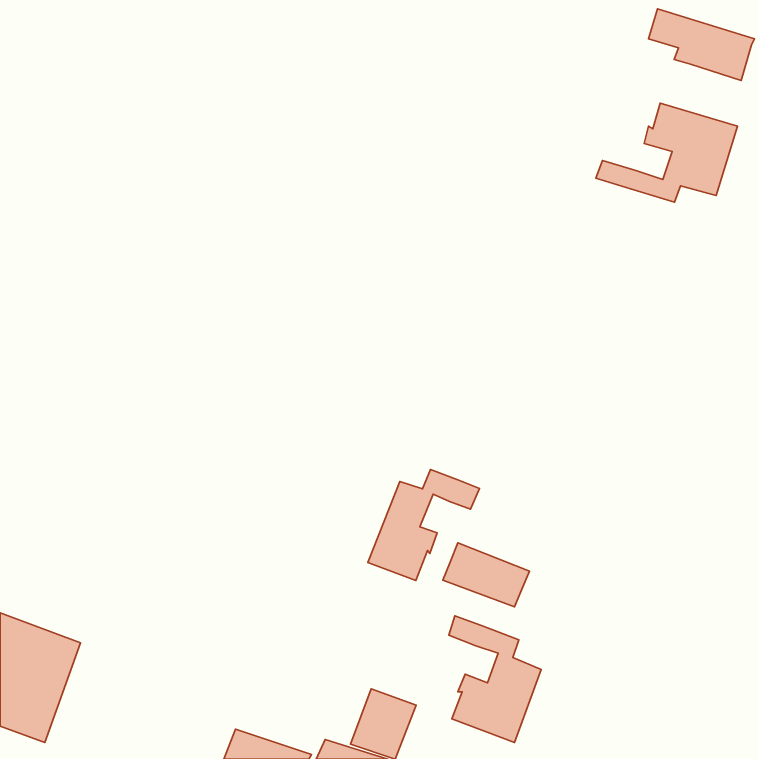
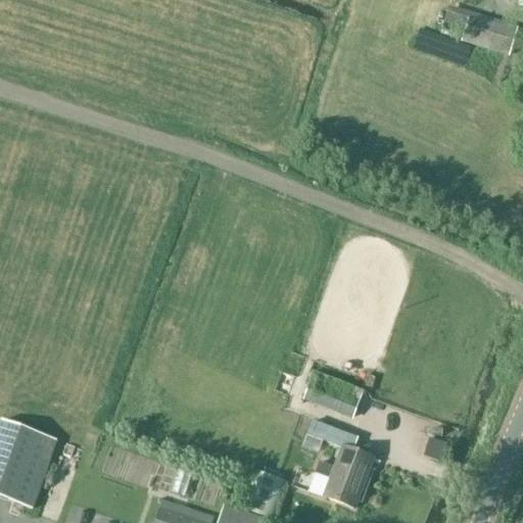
building: [596,103,737,202] -> none
building: [368,469,480,581] -> none

